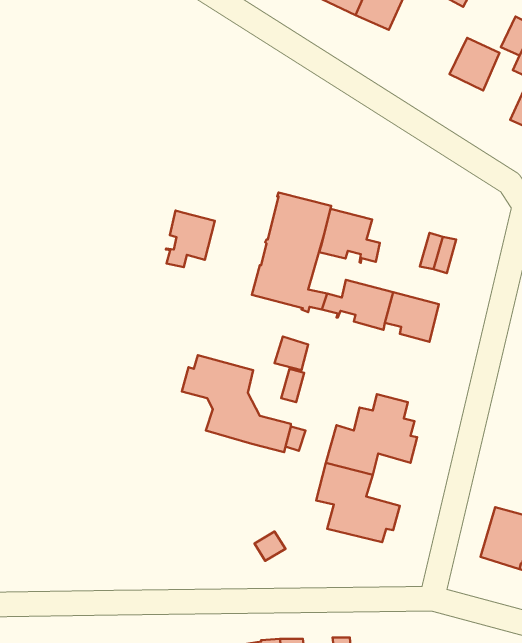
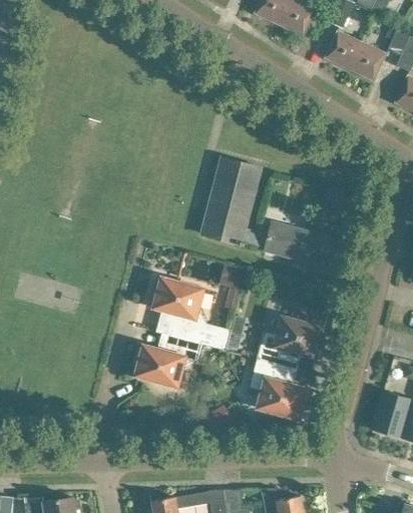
building: none -> [324,30,362,69]
building: [319,209,380,263] -> none
building: [166,211,215,267] -> none
building: none -> [134,335,201,386]

